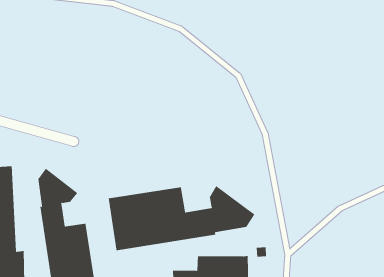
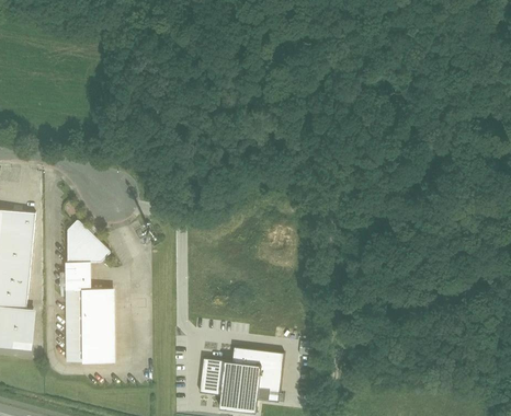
building: [108,185,255,251] -> none

